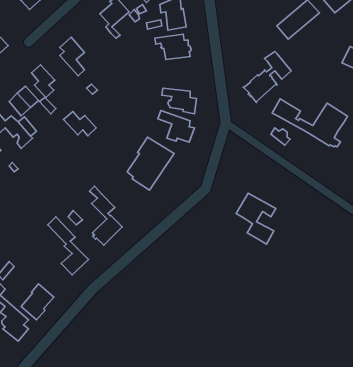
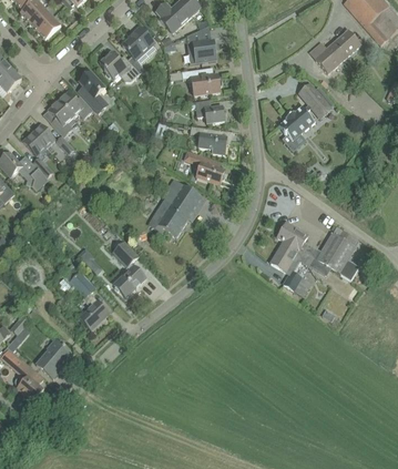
building: none -> [99,51,139,81]
building: none -> [188,99,224,122]
building: [272,99,347,147] -> [276,221,358,273]
building: [64,111,96,136] -> [57,91,92,118]

